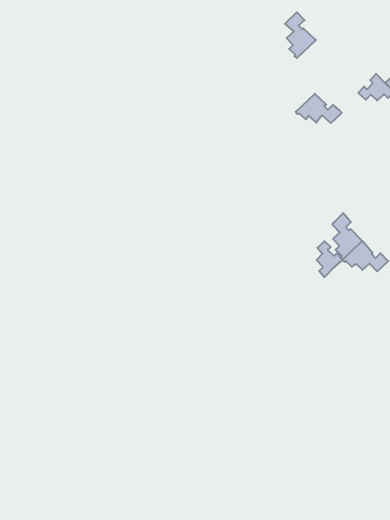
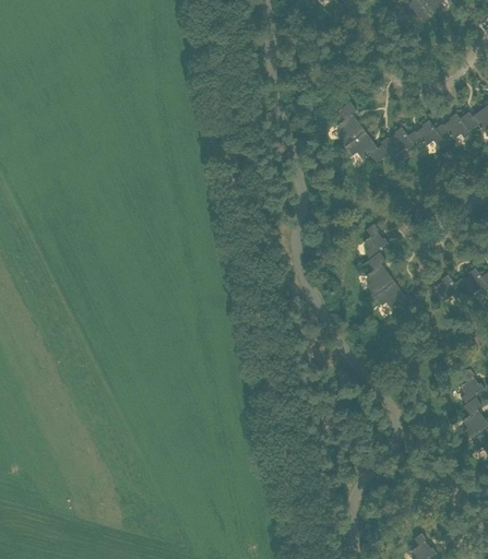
building: [285,12,316,58] -> [337,100,366,145]
building: none -> [381,126,417,151]
building: [317,241,342,277] -> [364,223,389,258]

